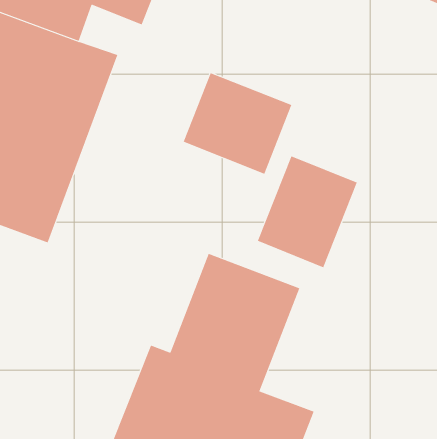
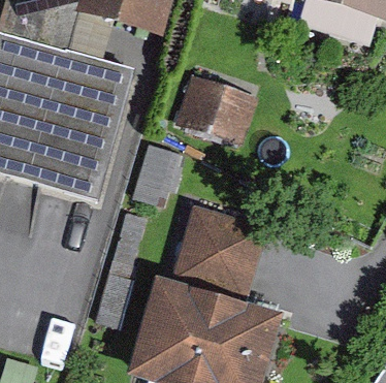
building: [257,155,357,268] -> none

